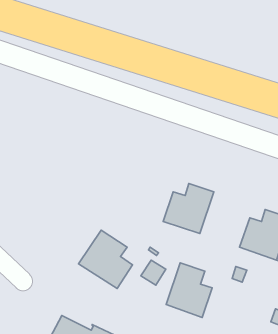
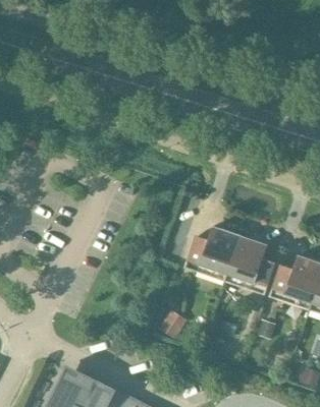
building: [79,230,133,288] -> none
building: [166,263,212,317] -> [225,236,276,296]

